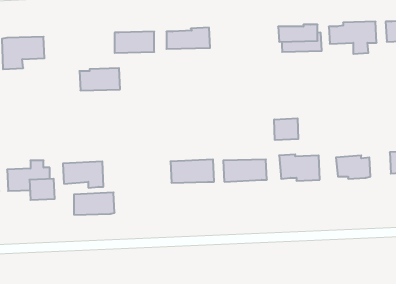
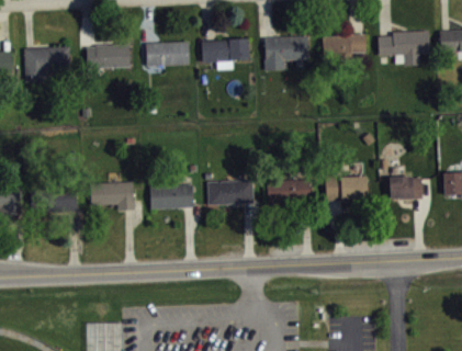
building: none -> [263,36,308,71]
building: [79,68,120,90] -> [86,44,129,68]
building: [274,118,298,140] -> none
building: [74,192,115,215] -> [149,184,193,208]

